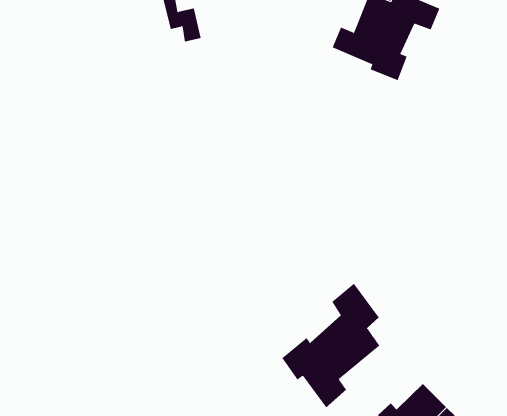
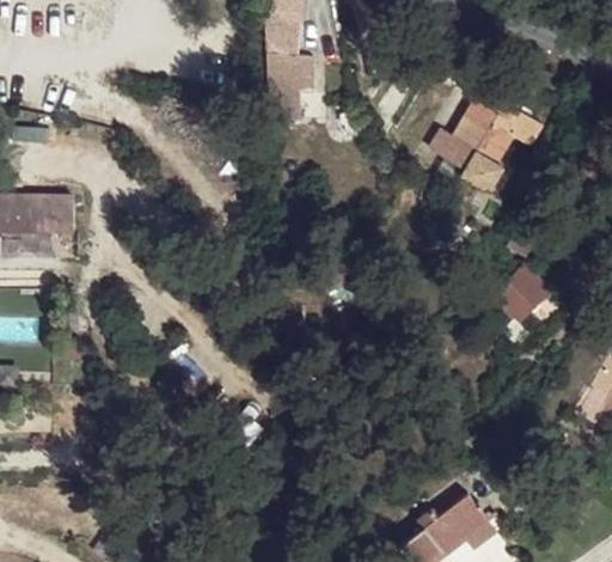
building: none -> [494,265,550,323]
building: [282,283,380,408] -> none

